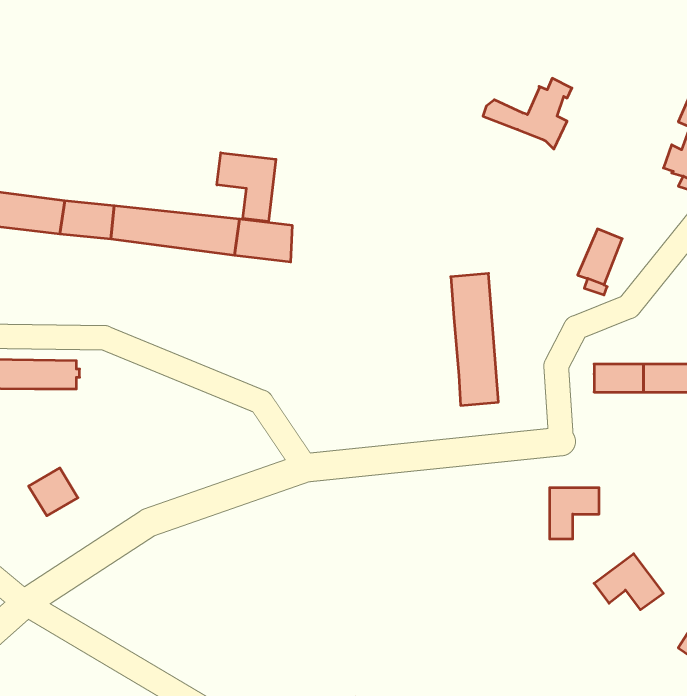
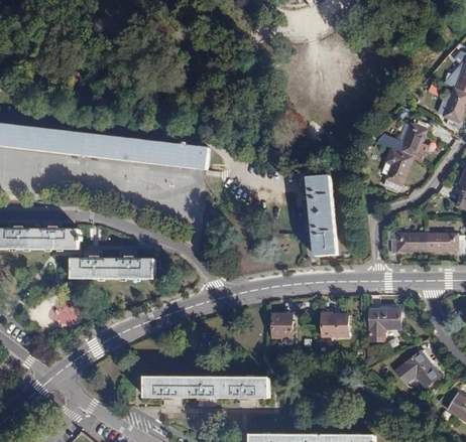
building: [483,78,572,149] -> [375,118,430,161]
building: [217,153,276,222] -> none
building: none -> [71,256,152,278]
building: none -> [271,313,290,335]
building: none -> [321,316,346,336]
building: none -> [142,377,266,399]

